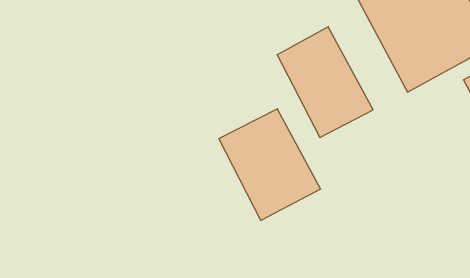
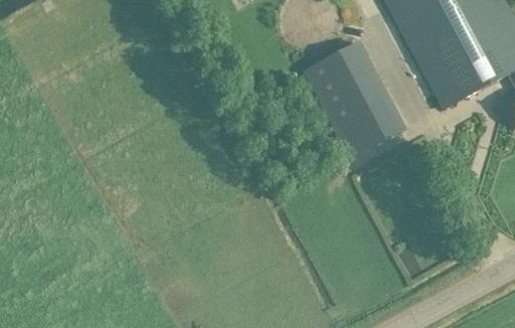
building: [219,109,320,220] -> none

